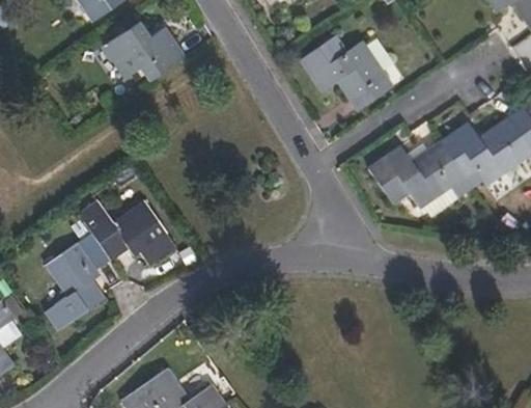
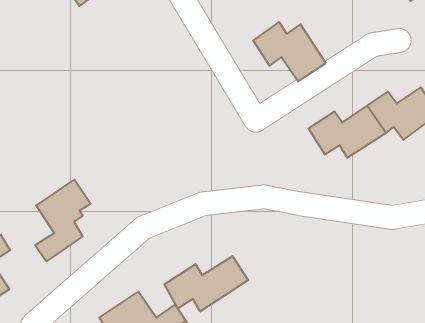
building: [102,27,184,87] -> none
building: [80,205,176,267] -> none
building: none -> [164,256,248,311]

